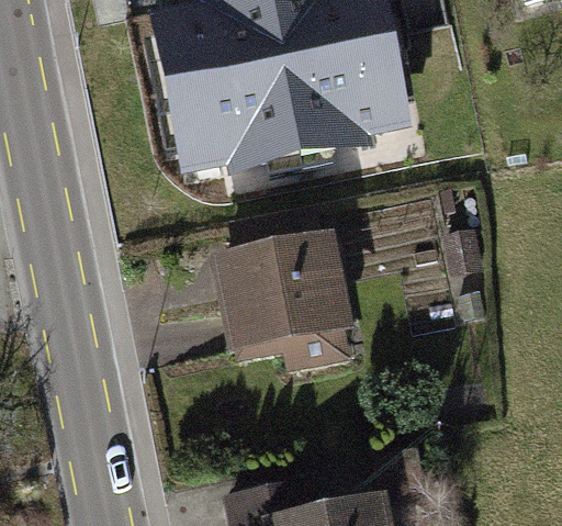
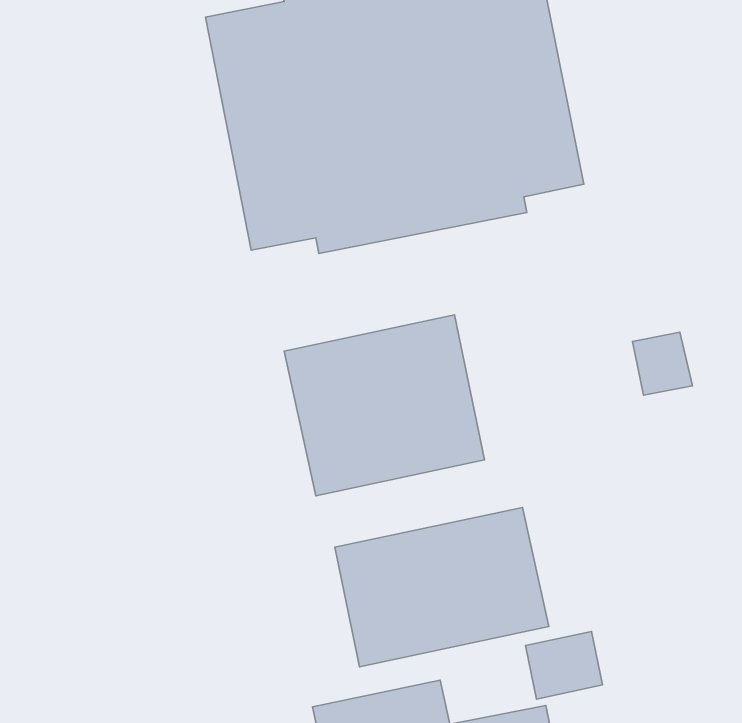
building: none -> [335,507,549,667]

